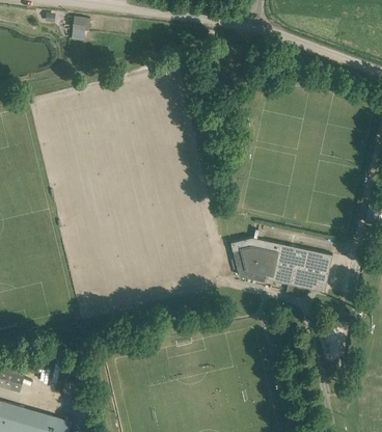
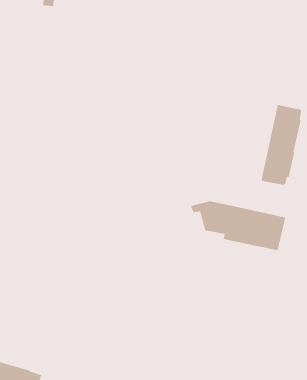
building: none -> [261,104,302,186]

